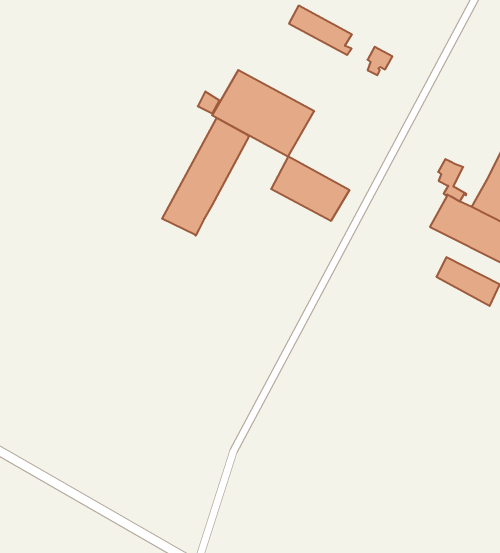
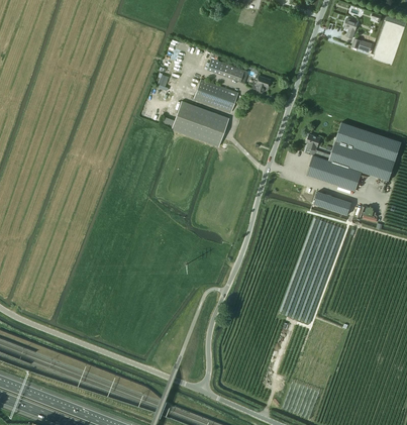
building: [162,118,249,236] -> none
building: [271,156,350,221] -> [193,80,238,113]

